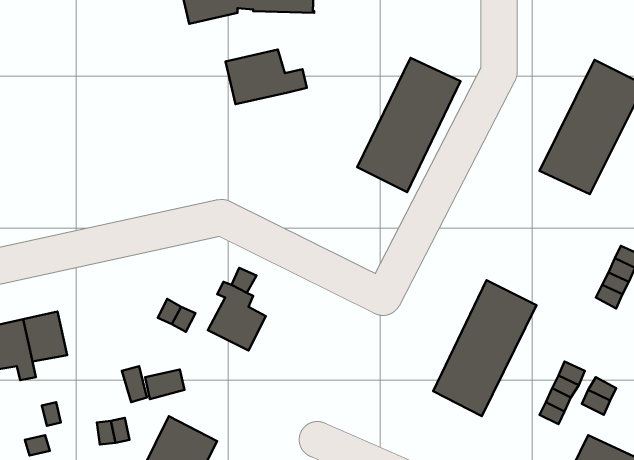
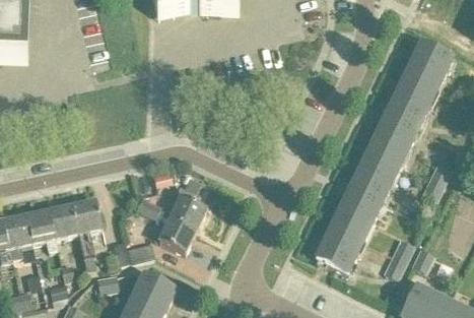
building: [226,50,307,104] -> none
building: [357,58,460,192] -> [350,113,417,200]
building: none -> [72,199,103,270]
building: none -> [159,216,196,252]

